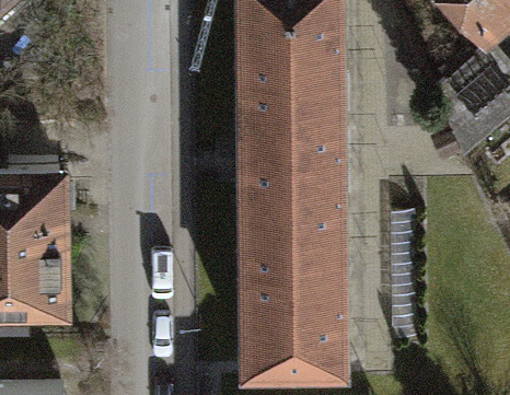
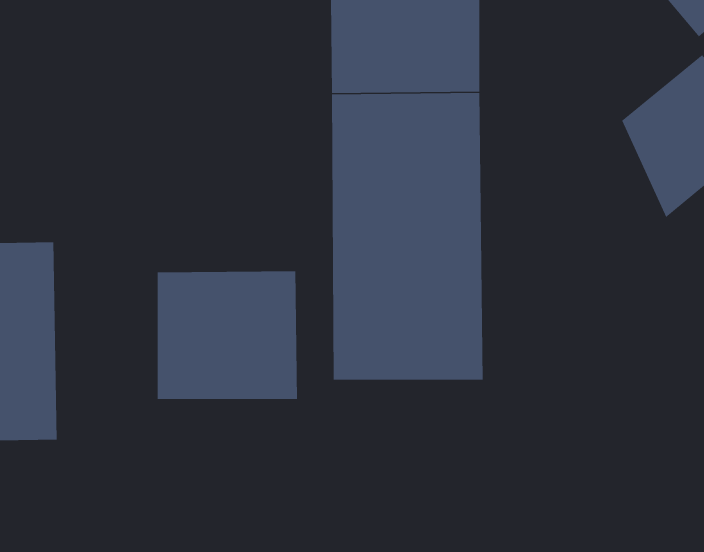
building: none -> [157,270,298,400]
building: [245,263,345,365] -> none

